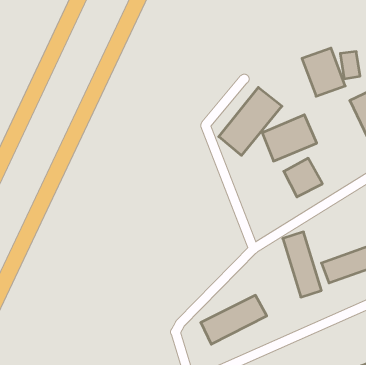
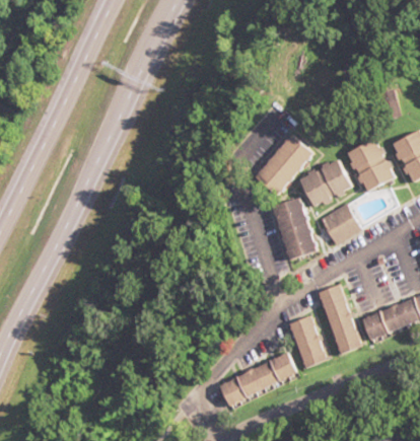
building: [302,48,345,96] -> [347,139,394,191]
building: none -> [270,199,312,260]
building: none -> [289,315,328,367]

